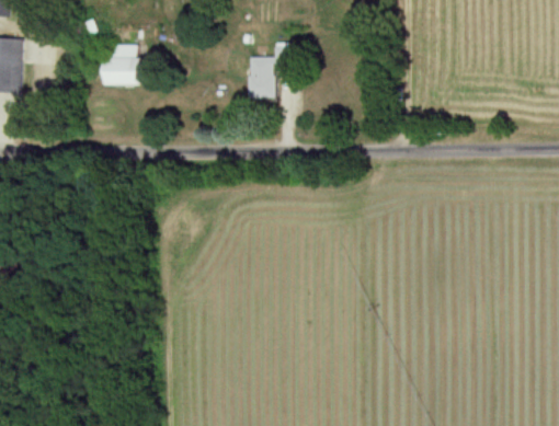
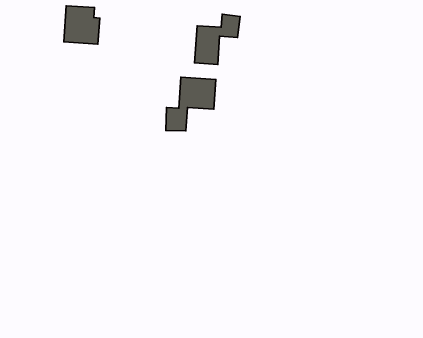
building: none -> [166,77,216,131]

